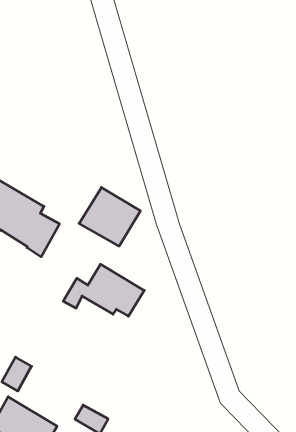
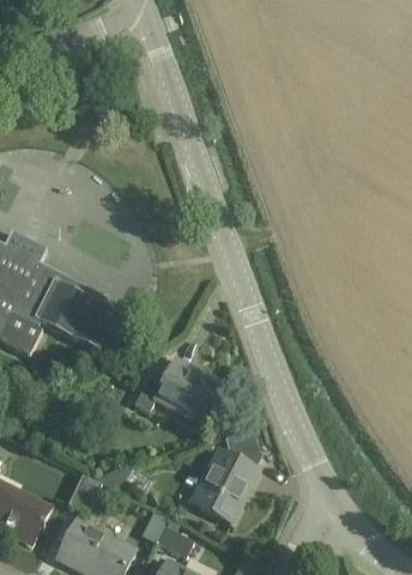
building: [79,187,140,246] -> none
building: none -> [196,429,258,522]

